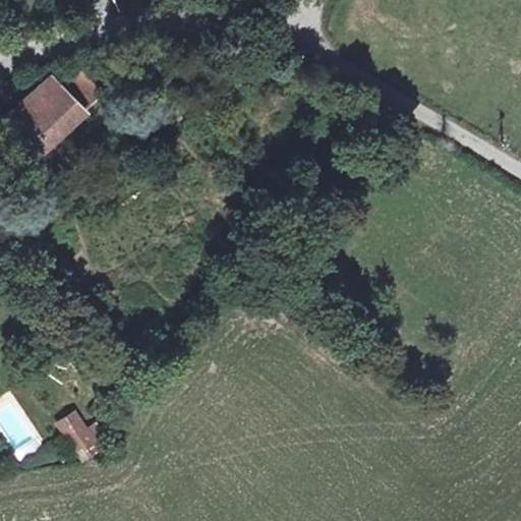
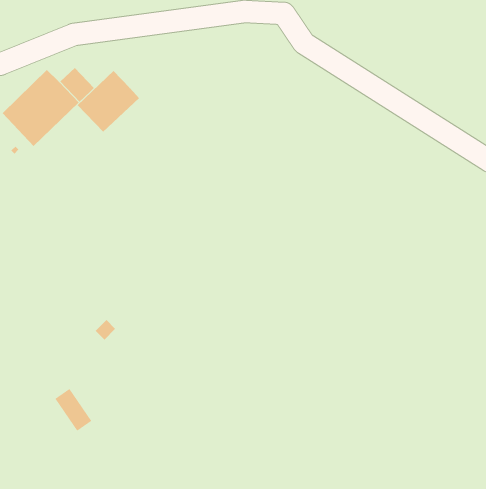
building: none -> [77,70,140,132]

